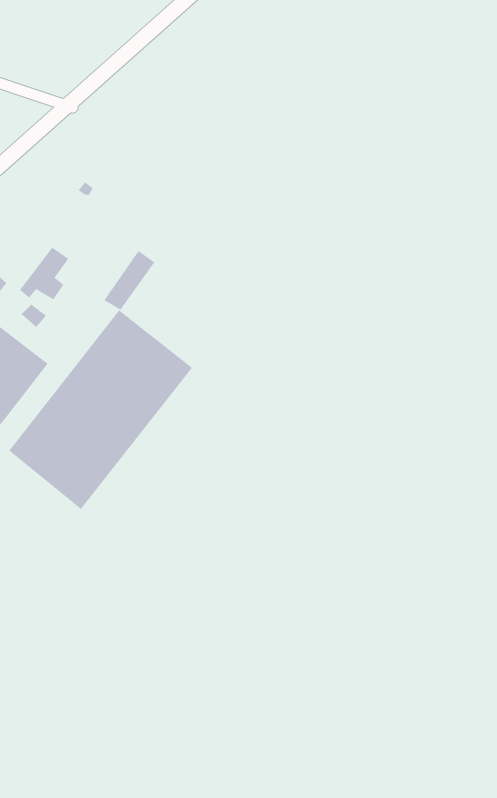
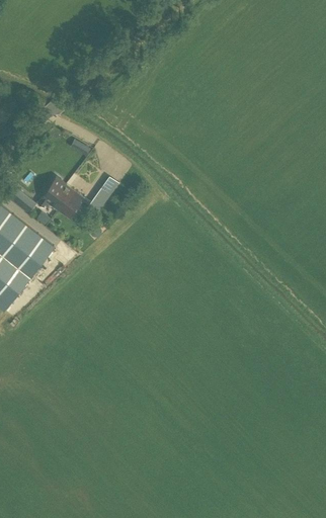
building: none -> [58,185,85,220]
building: [9,309,193,510] -> none

